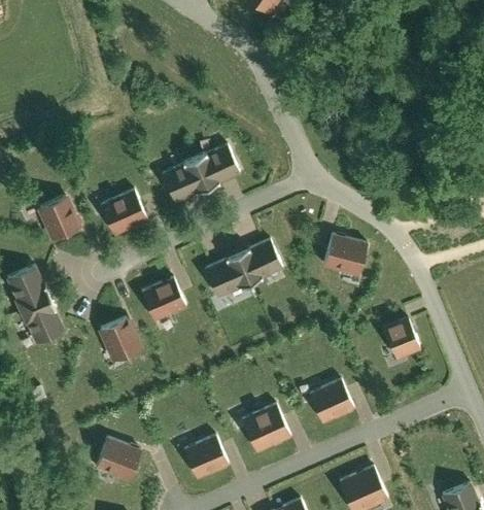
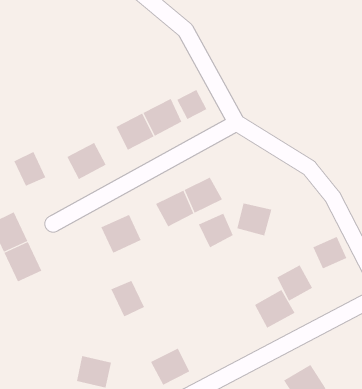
building: none -> [176,89,207,120]
building: [324,232,368,273] -> [237,203,272,236]
building: none -> [198,213,233,248]
building: [100,319,139,363] -> [111,280,145,317]
building: none -> [276,265,313,301]
building: [242,405,289,451] -> none

